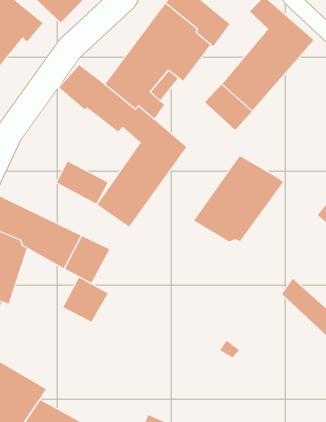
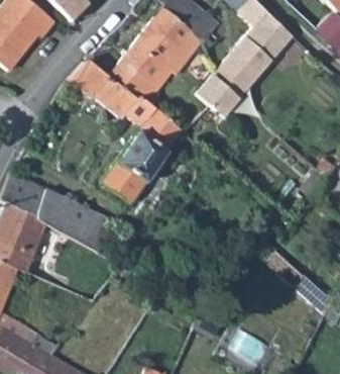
building: [193,155,284,242] -> none
building: [56,161,109,204] -> none
building: [63,277,109,323] -> none

